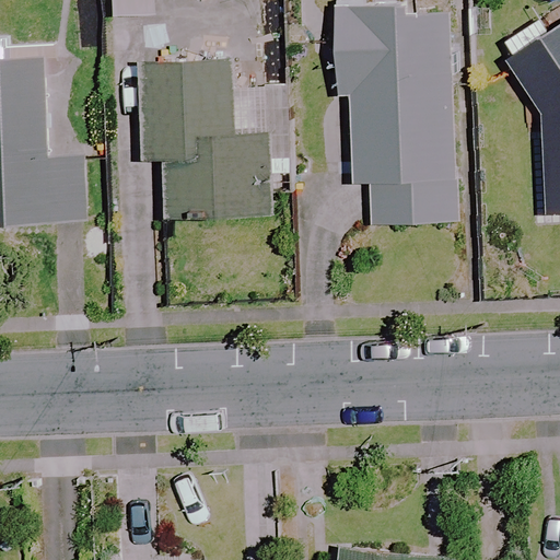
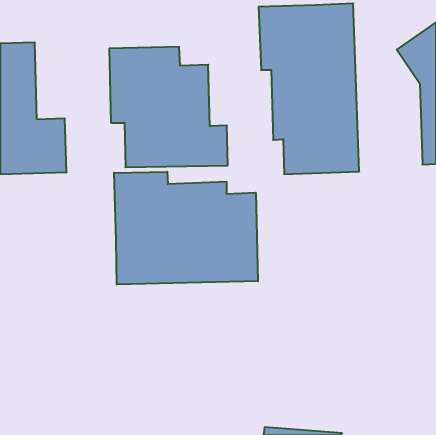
building: none -> [114,172,258,285]

